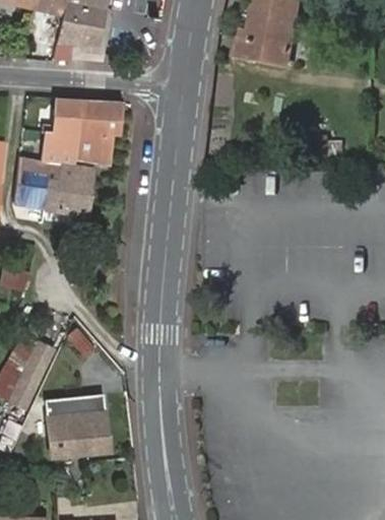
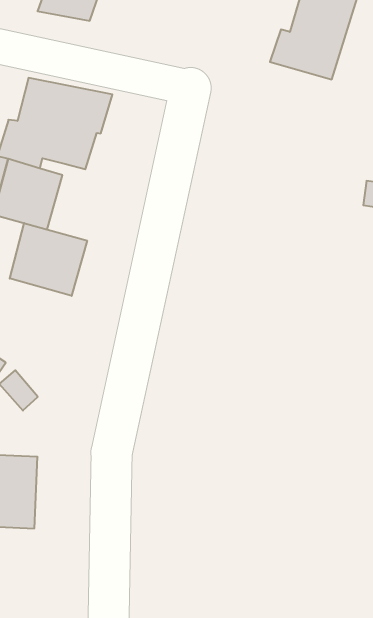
building: none -> [10,223,87,296]

